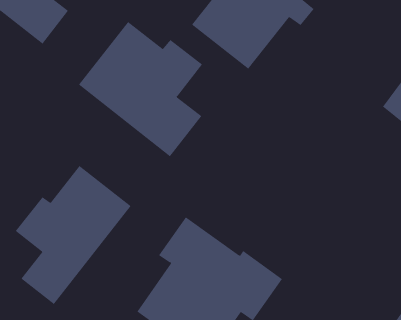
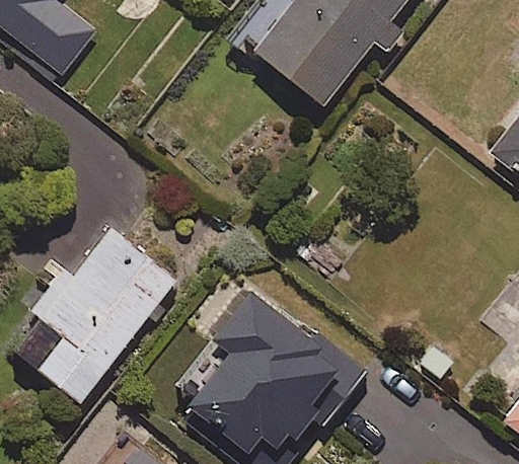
building: [78,21,203,157] -> none

